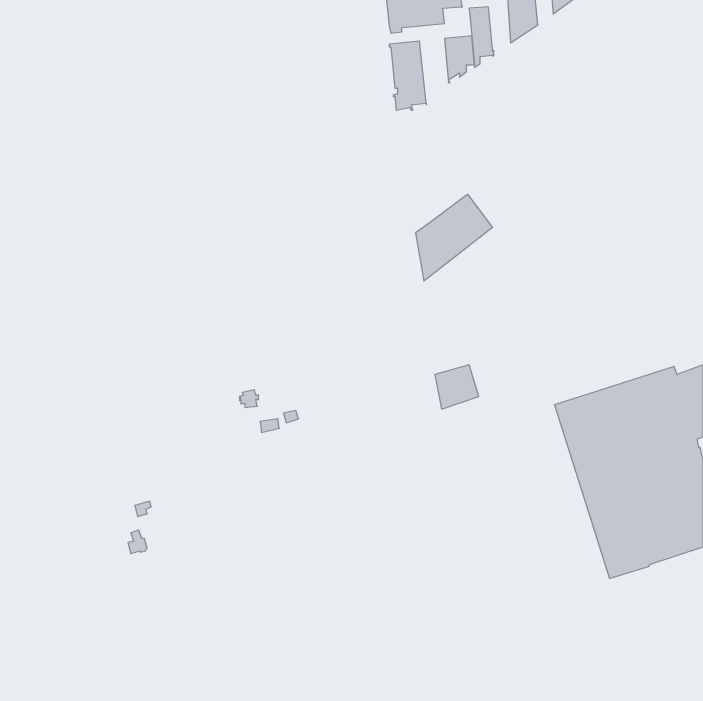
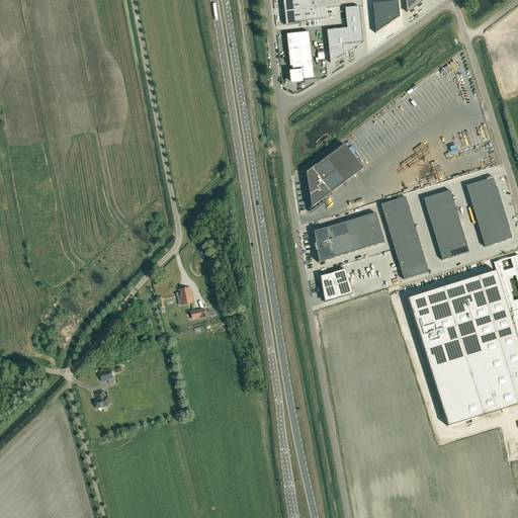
building: none -> [466,175,512,245]
building: none -> [424,188,468,258]
building: none -> [380,195,428,278]
building: none -> [314,211,384,261]

